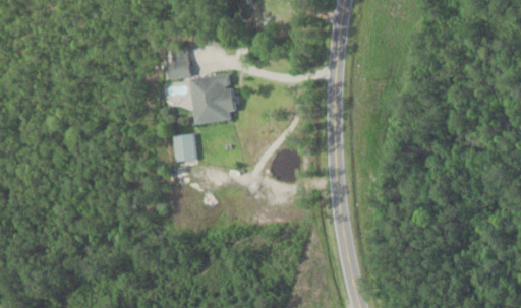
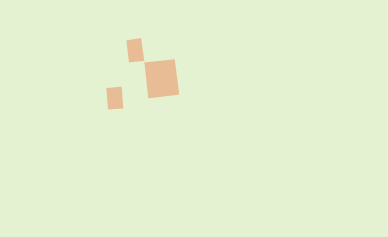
building: [173,134,196,164] -> [105,86,124,110]

